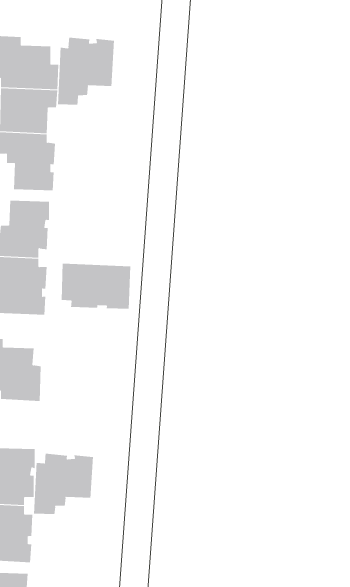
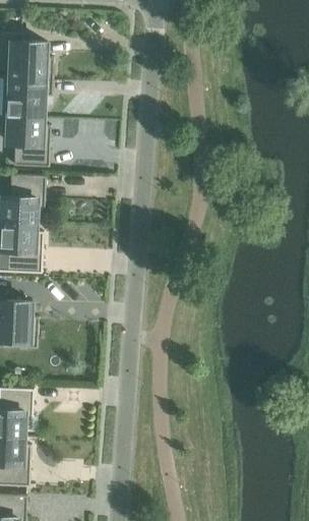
building: [58,37,115,106] -> none
building: [61,263,131,310] -> none
building: [34,453,94,515] -> none

